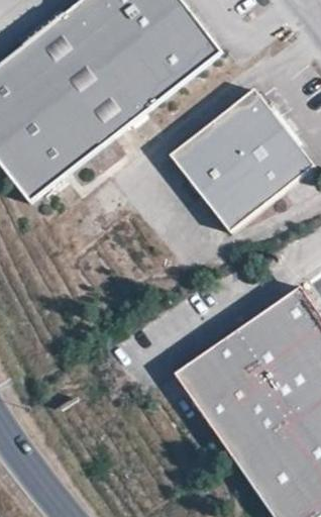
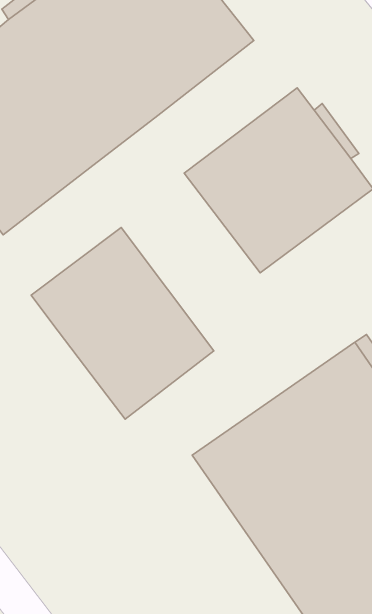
building: none -> [31,227,214,419]

